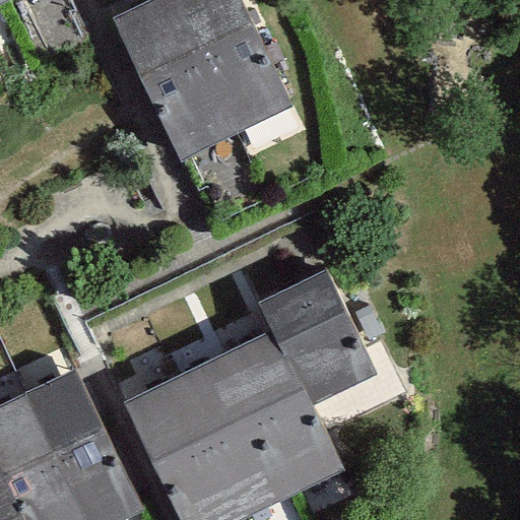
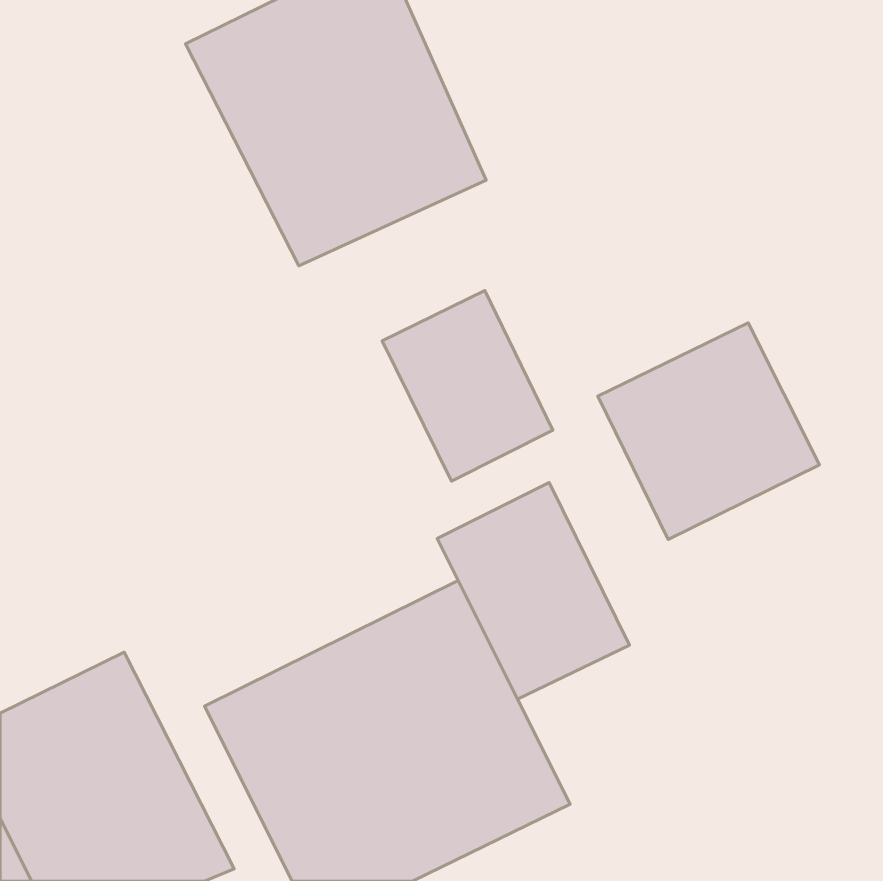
building: none -> [382,291,553,481]
building: none -> [598,323,819,540]

